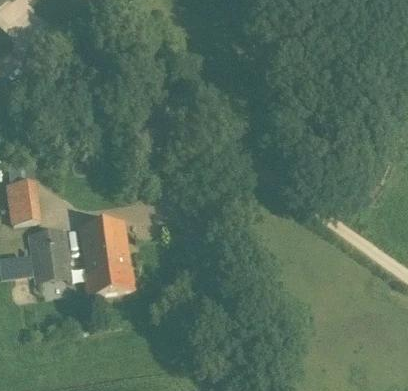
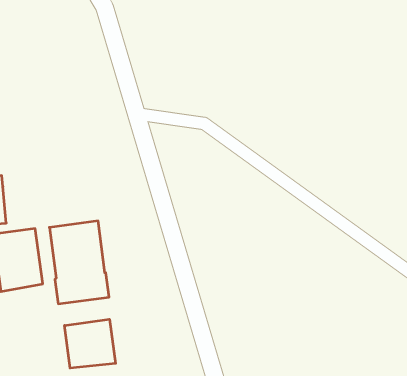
building: none -> [65,319,116,368]

